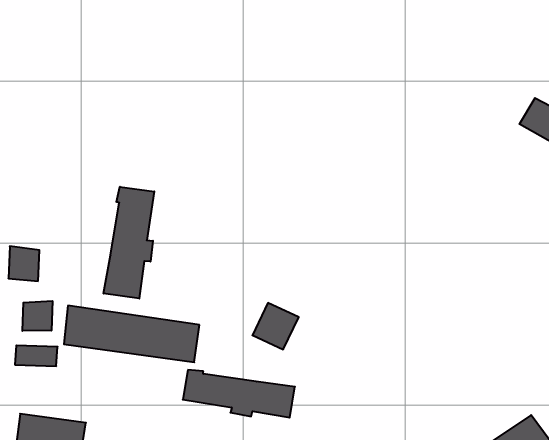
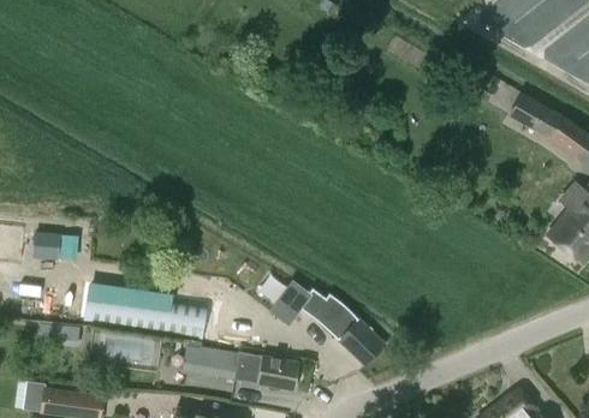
building: [104,187,154,299] -> none
building: [22,301,52,331] -> none
building: none -> [298,289,385,366]

